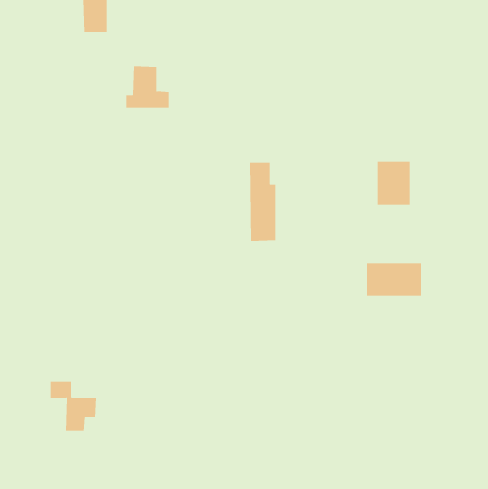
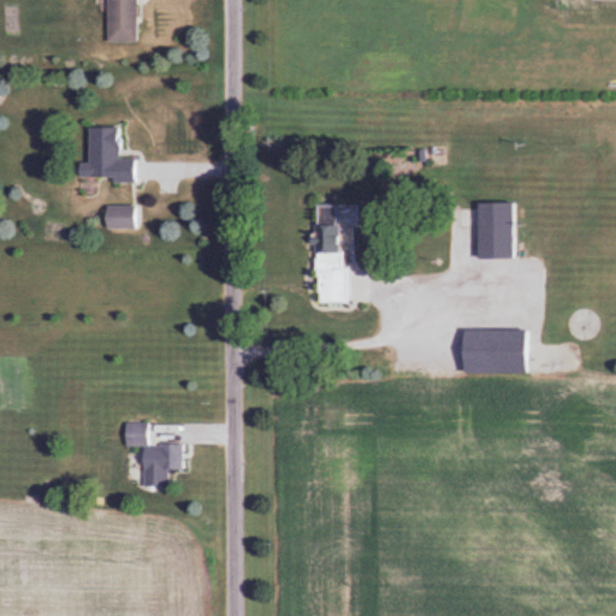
building: [125,66,170,108] -> [79,125,135,178]
building: none -> [105,203,137,227]
building: [50,381,97,431] -> [125,422,184,485]

